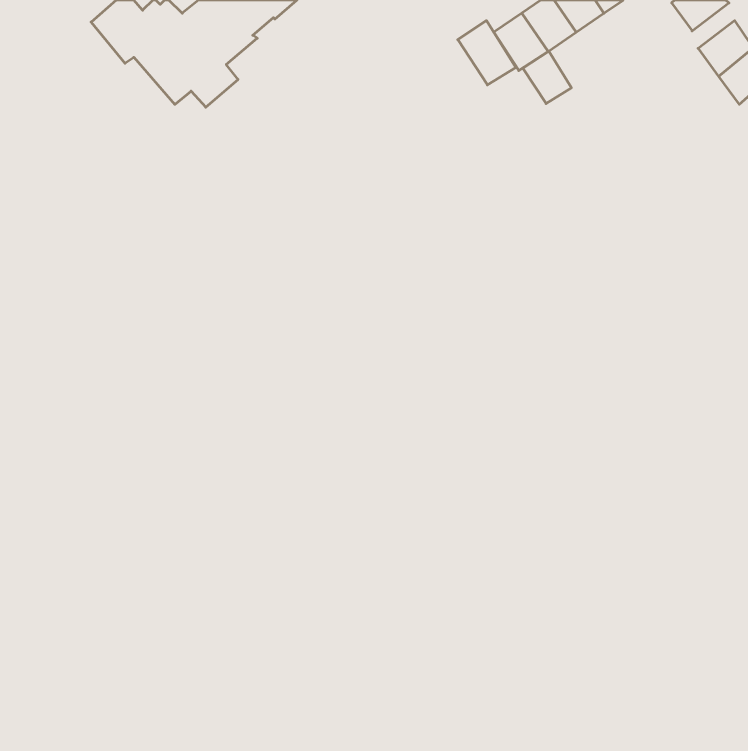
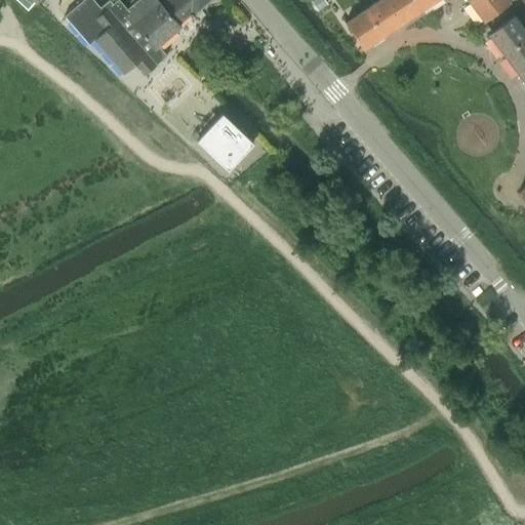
building: [458,21,516,85] -> none
building: [523,51,571,104] -> none
building: none -> [197,113,254,170]

